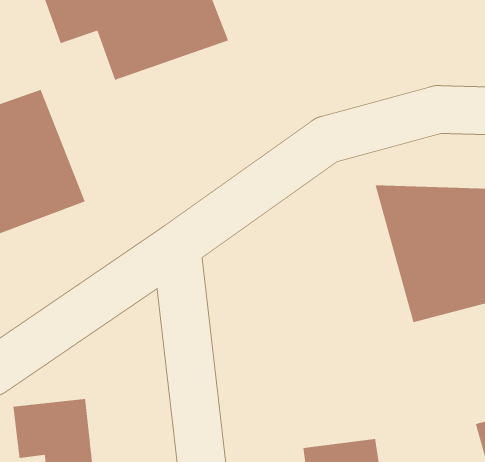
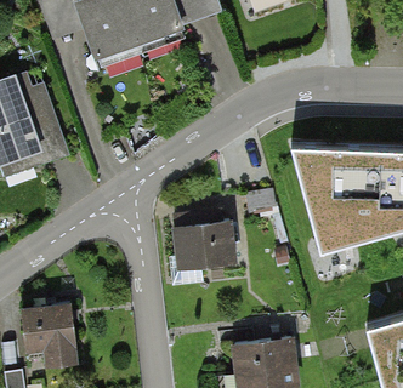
building: none -> [170,224,237,267]

